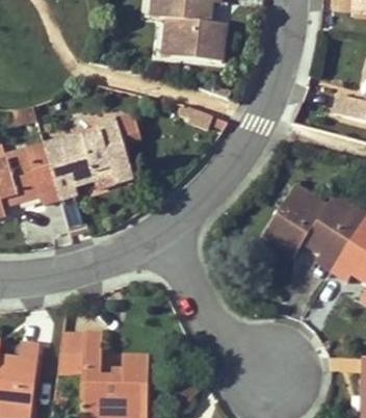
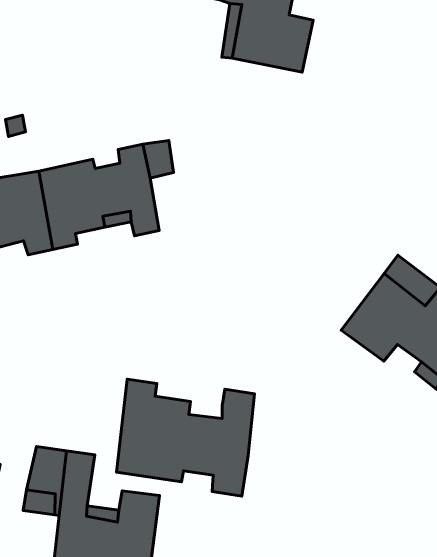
building: none -> [116,379,255,496]

